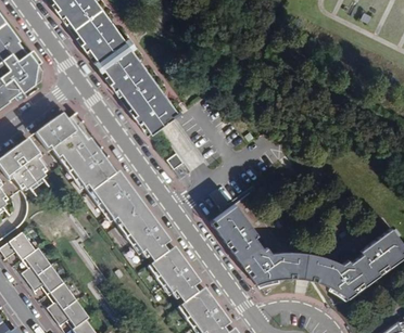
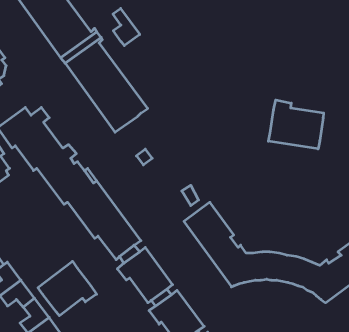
building: none -> [113,8,140,46]
building: none -> [268,100,324,149]
building: none -> [38,261,97,316]

